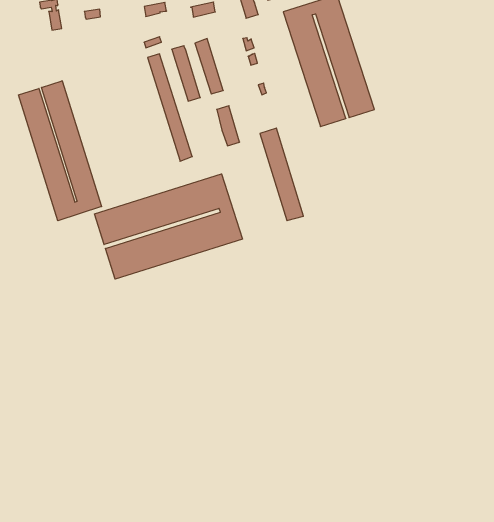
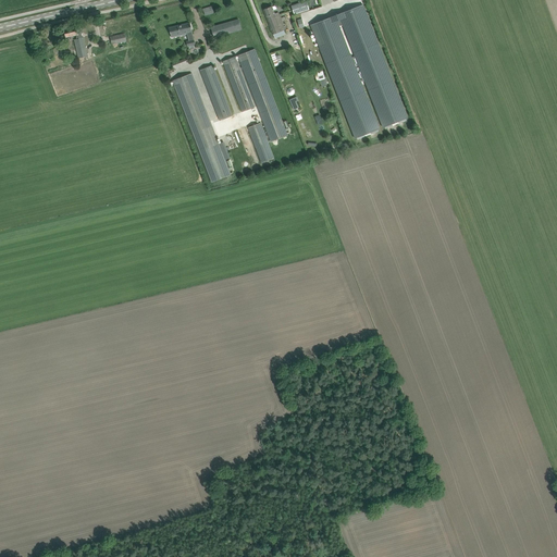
building: [18,81,102,221] -> none
building: [260,128,303,221] -> [238,49,287,141]
building: [94,174,242,279] -> none

